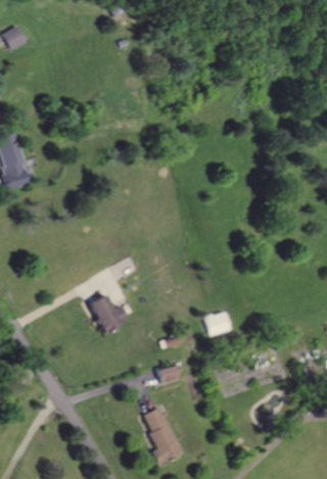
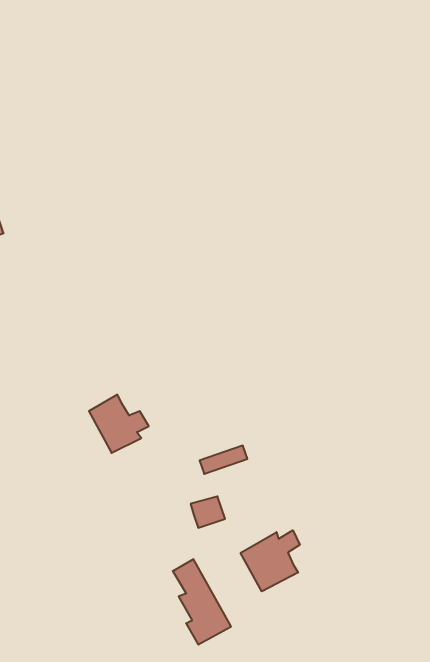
building: [207,310,235,335] -> none
building: none -> [241,530,300,591]

